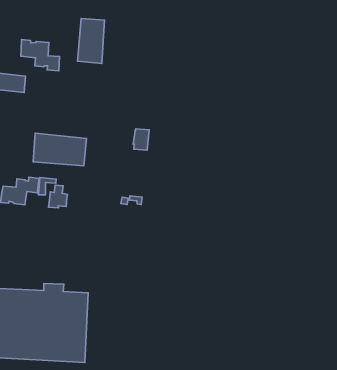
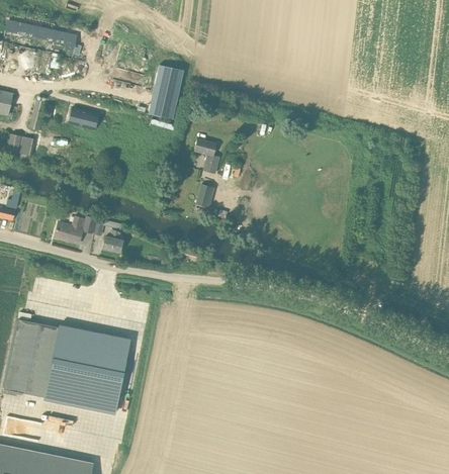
building: [21,40,60,71] -> none
building: none -> [193,138,218,173]
building: [33,133,86,166] -> none

